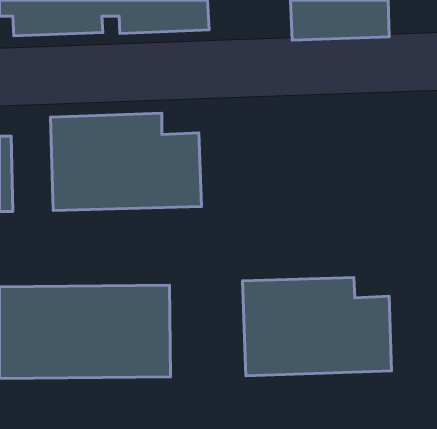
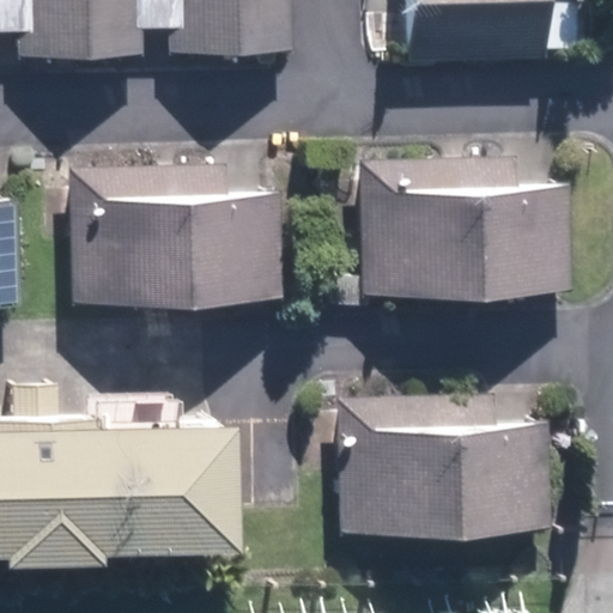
building: none -> [362,162,570,299]

